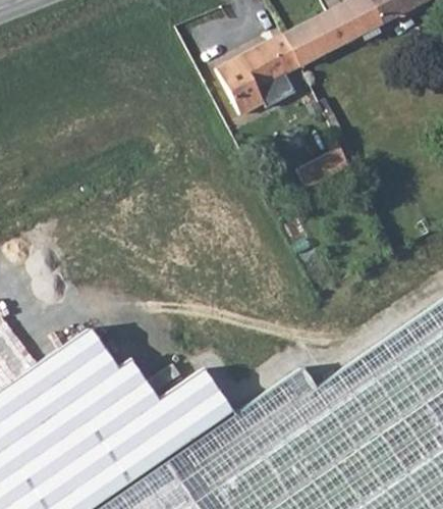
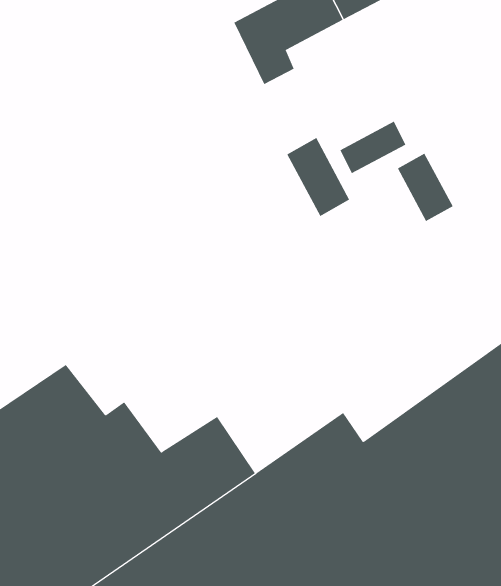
building: none -> [287,137,350,217]
building: none -> [397,153,453,222]

